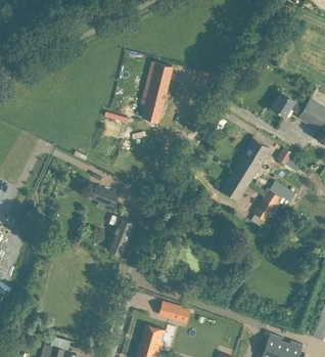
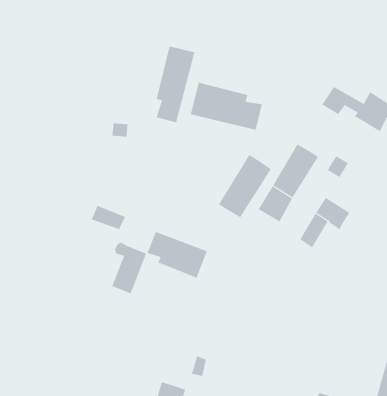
building: none -> [190,82,262,131]
building: none -> [218,154,272,218]
building: none -> [147,231,207,279]

